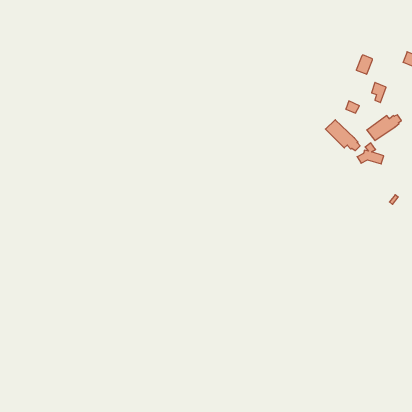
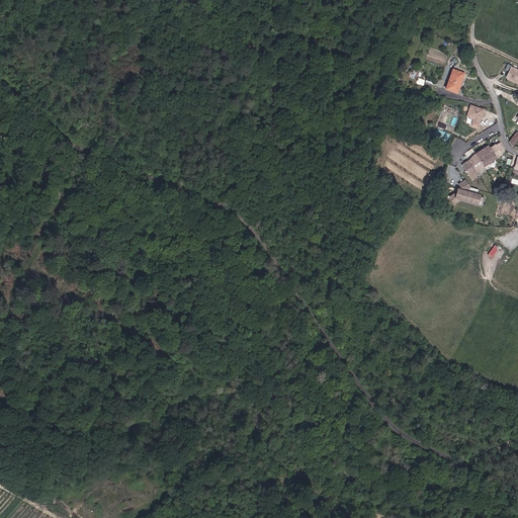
building: [325,120,360,151] -> none

